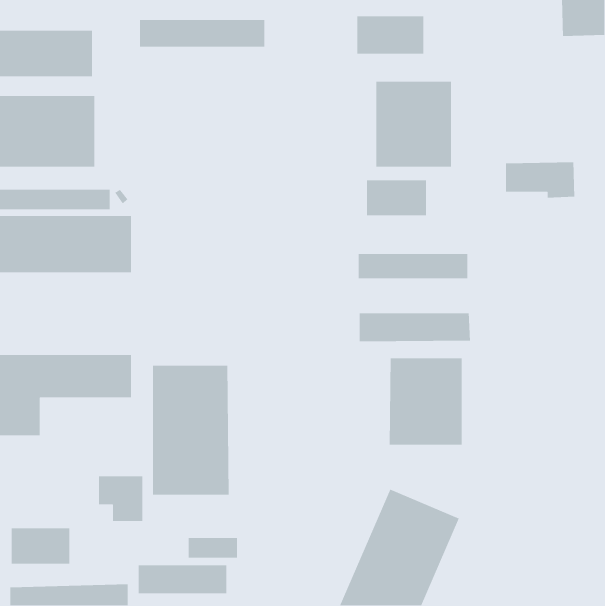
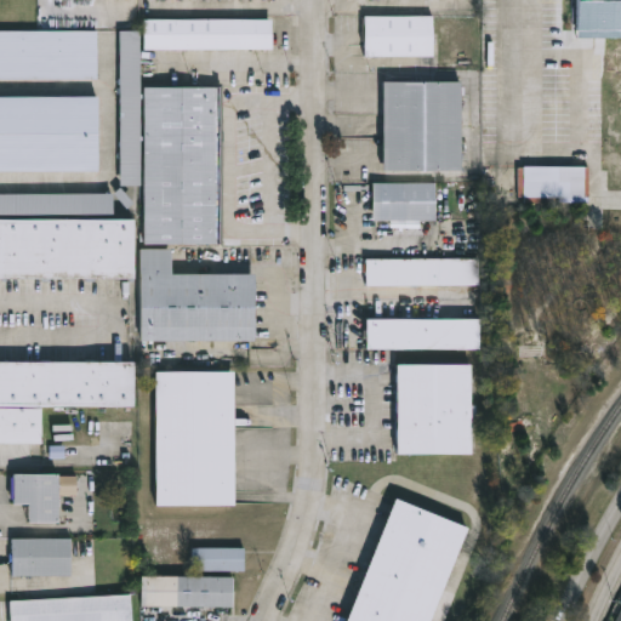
building: none -> [119,32,218,244]
building: none -> [141,249,256,341]
building: [98,475,143,522] -> [13,475,59,523]

